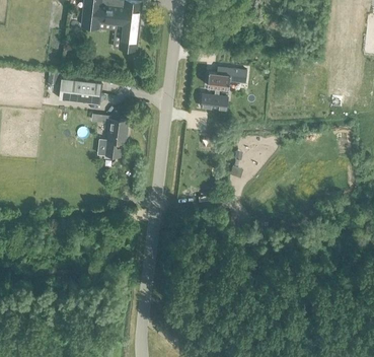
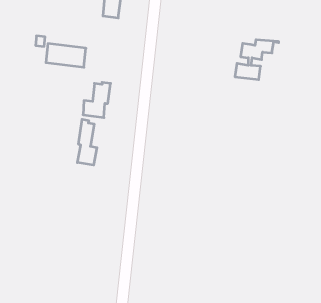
building: [201,68,247,111] -> [235,40,279,80]
building: none -> [77,119,97,165]

